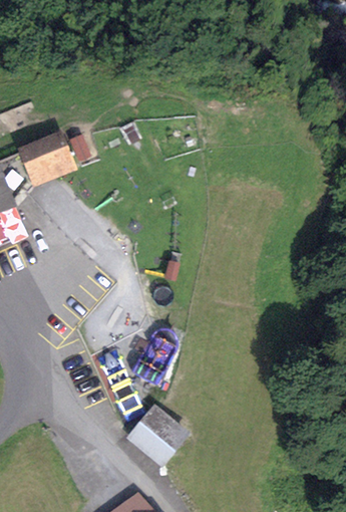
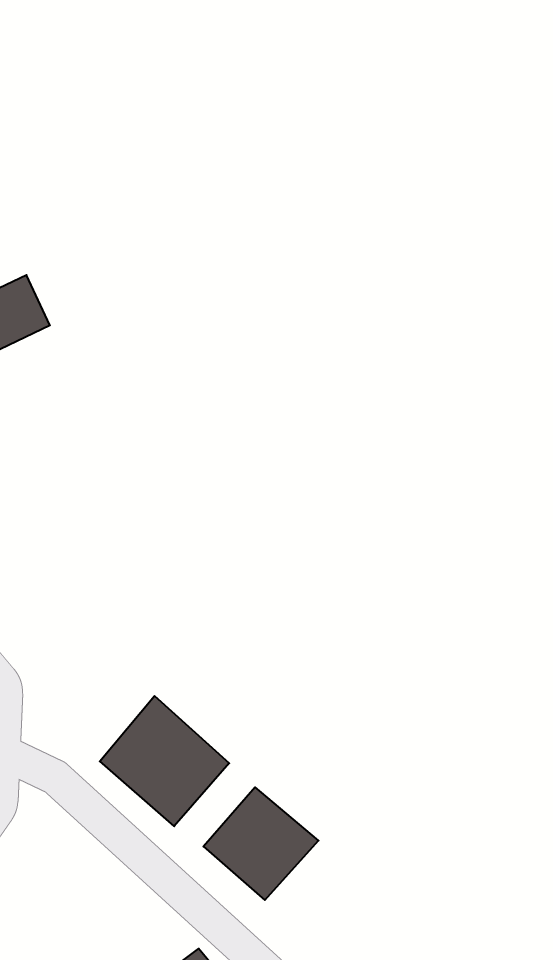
building: none -> [100,696,229,826]

